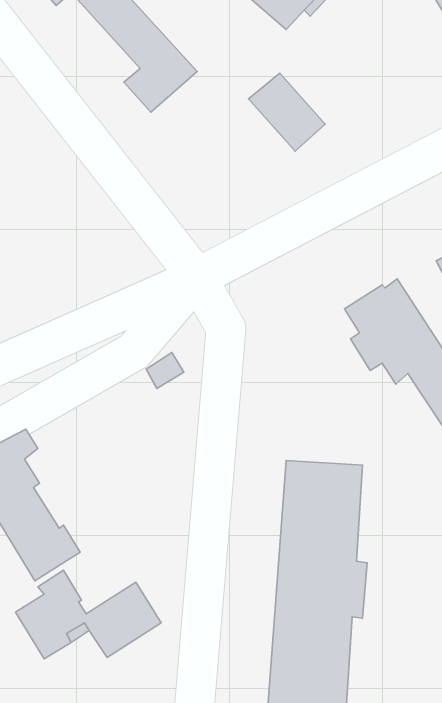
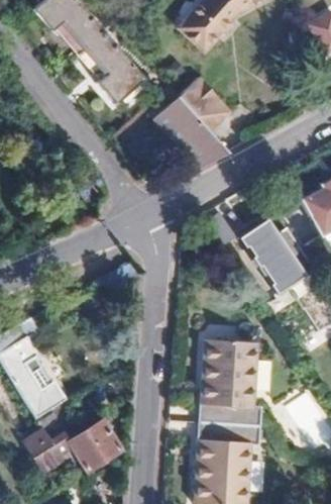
building: none -> [154,93,229,165]

